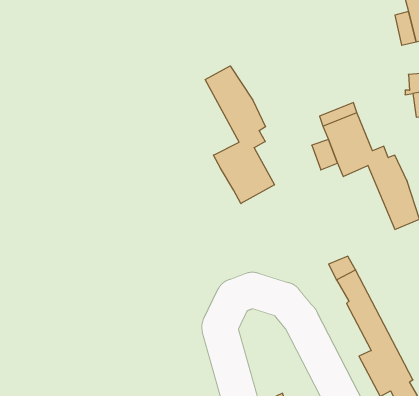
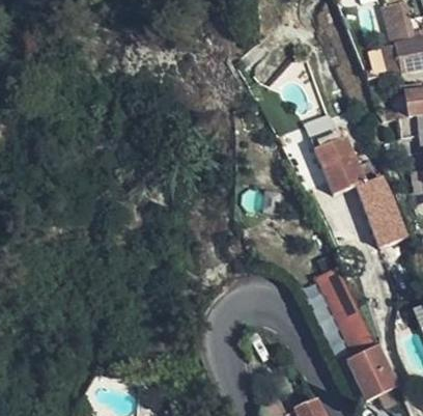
building: [205,66,274,204] -> none

